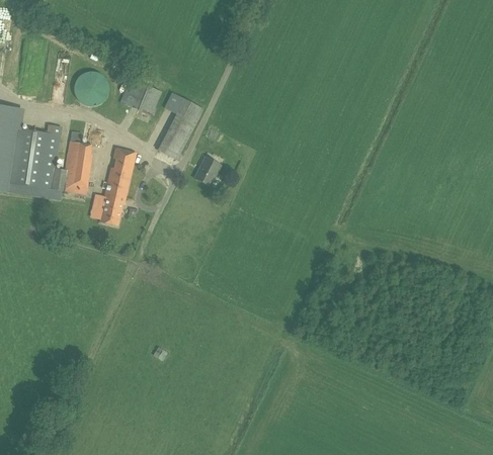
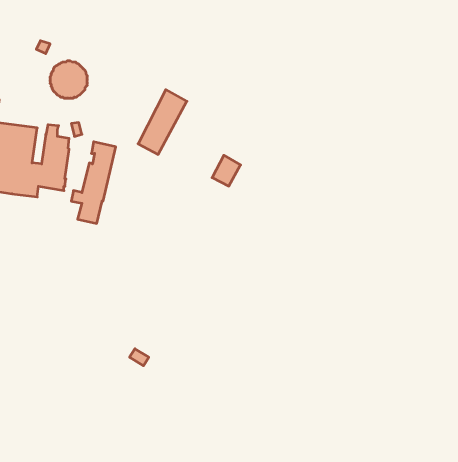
building: [125,79,161,114] -> none
building: [193,156,221,185] -> [212,155,241,186]

